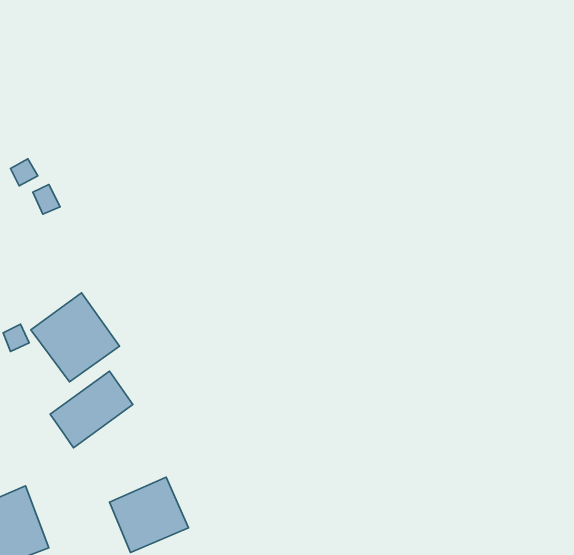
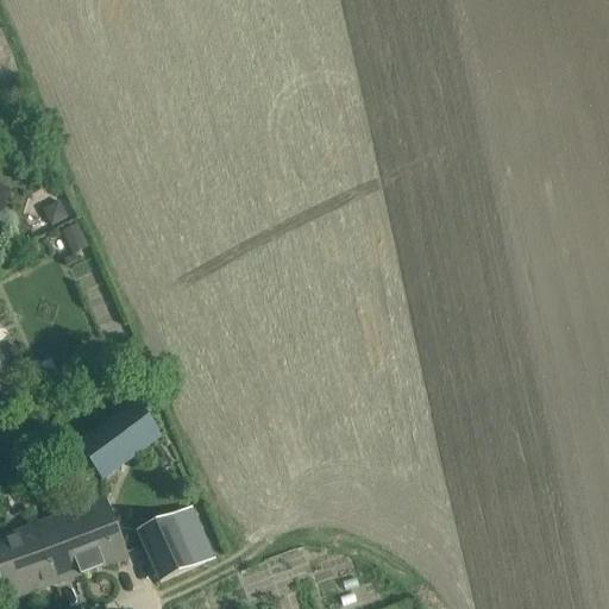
building: [31,293,120,382] -> none
building: none -> [56,495,125,572]

